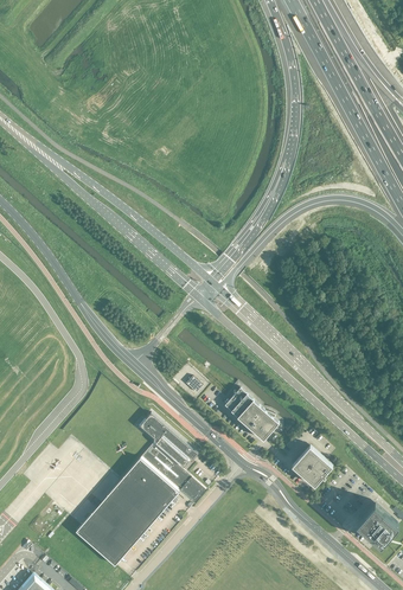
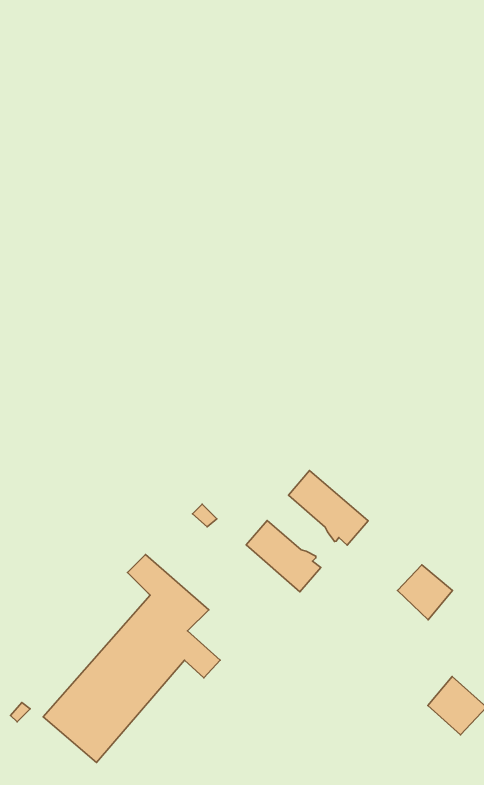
building: none -> [288,471,368,545]
building: [290,448,331,488] -> [397,565,453,620]

